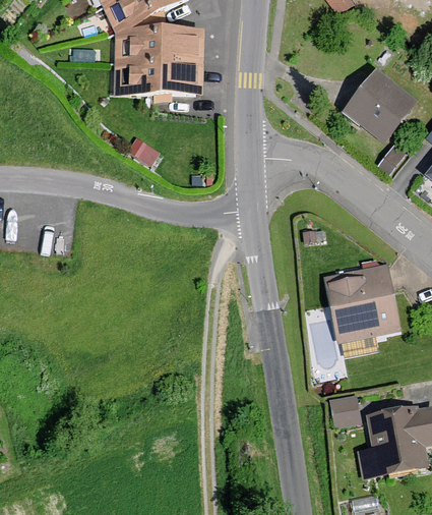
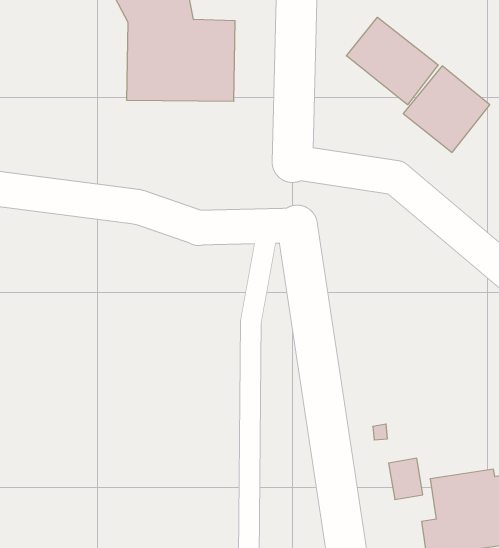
building: none -> [346,17,438,105]
building: [327,258,405,337] -> none

